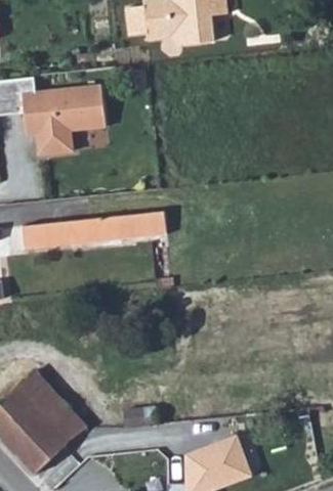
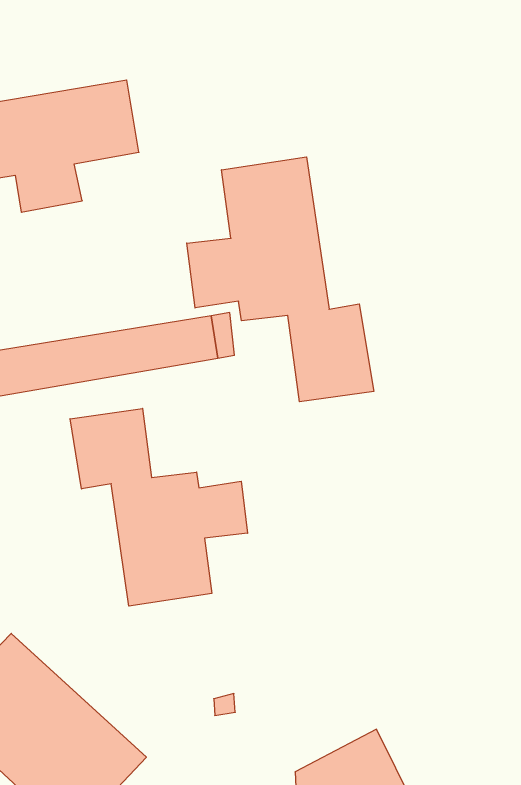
building: none -> [187,157,374,402]
building: none -> [70,408,248,606]

